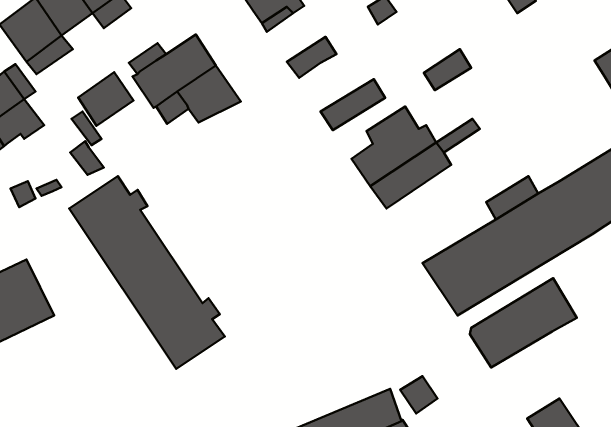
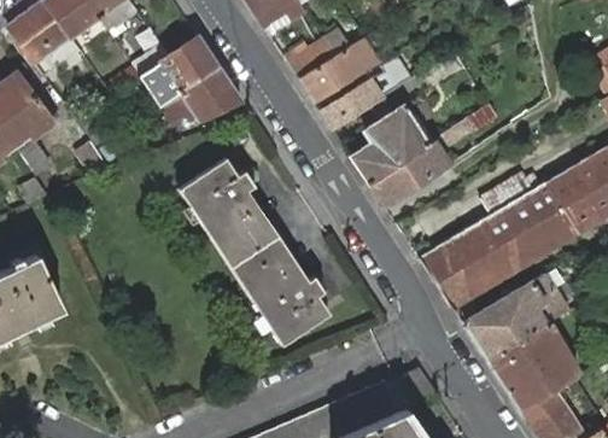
building: none -> [302,37,380,100]
building: [78,72,133,126] -> none
building: [69,176,225,369] -> [180,157,331,344]
building: none -> [487,323,579,409]

